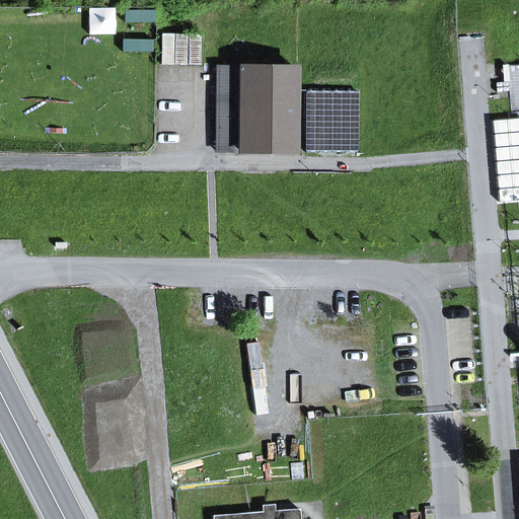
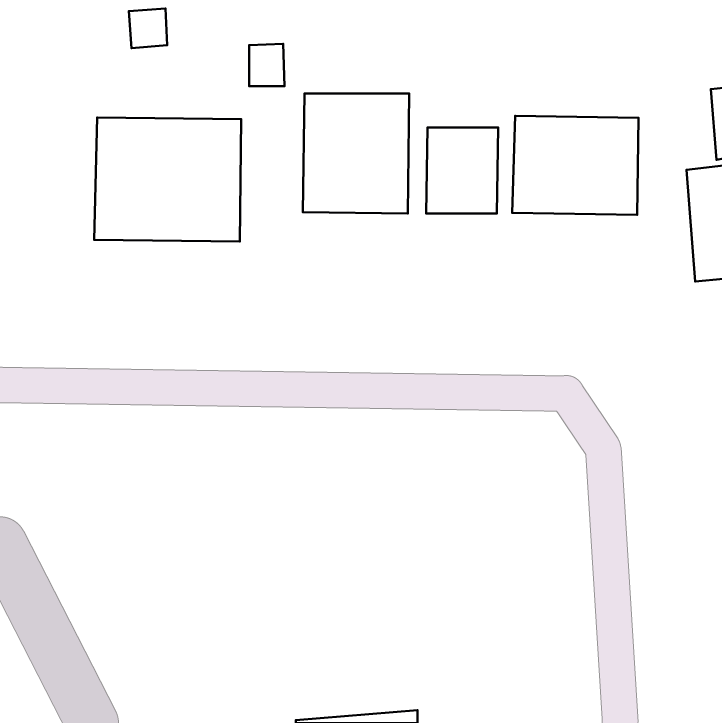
building: none -> [512,116,639,215]
building: none -> [94,118,241,242]

